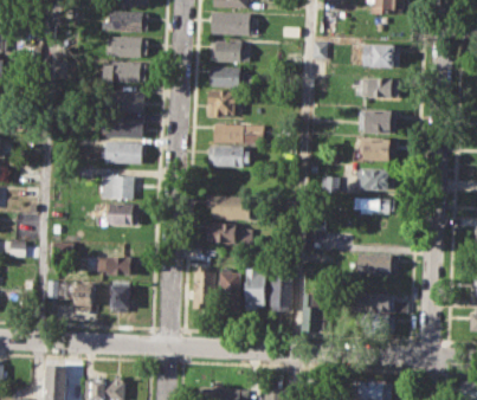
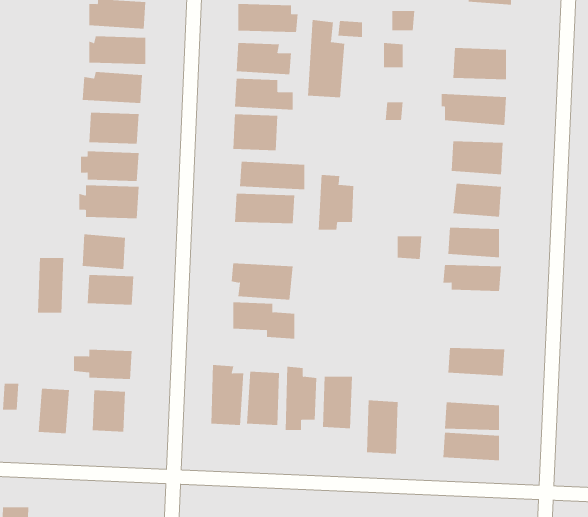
building: none -> [308,19,345,98]
building: none -> [318,174,354,230]
building: none -> [37,257,64,313]

